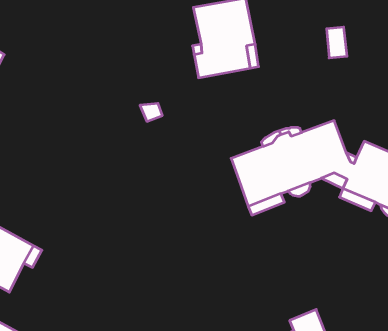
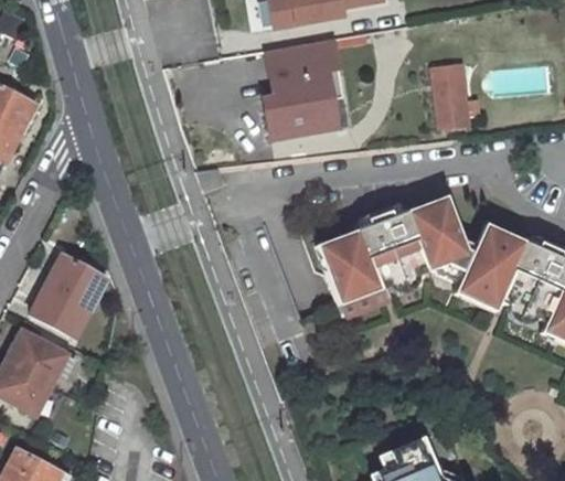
building: none -> [26,257,103,339]

